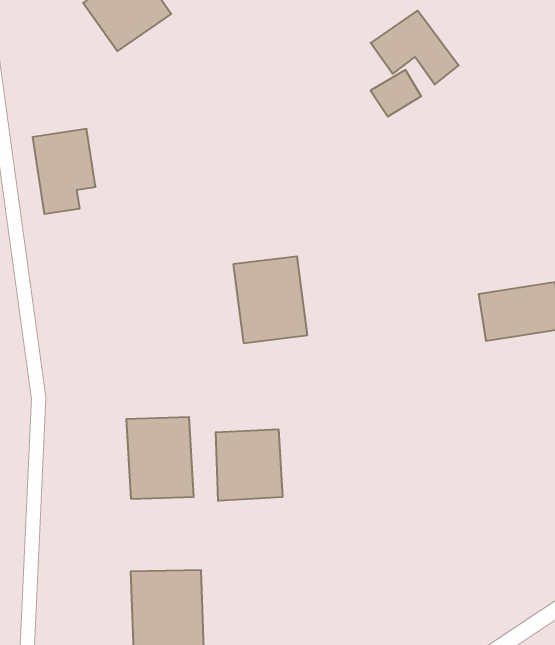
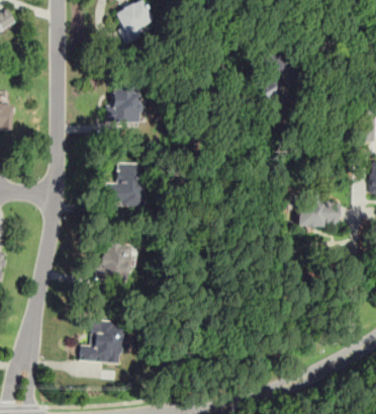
building: [32,129,96,214] -> [112,85,142,127]
building: [233,256,307,343] -> [112,164,148,208]
building: [216,429,282,501] -> none

